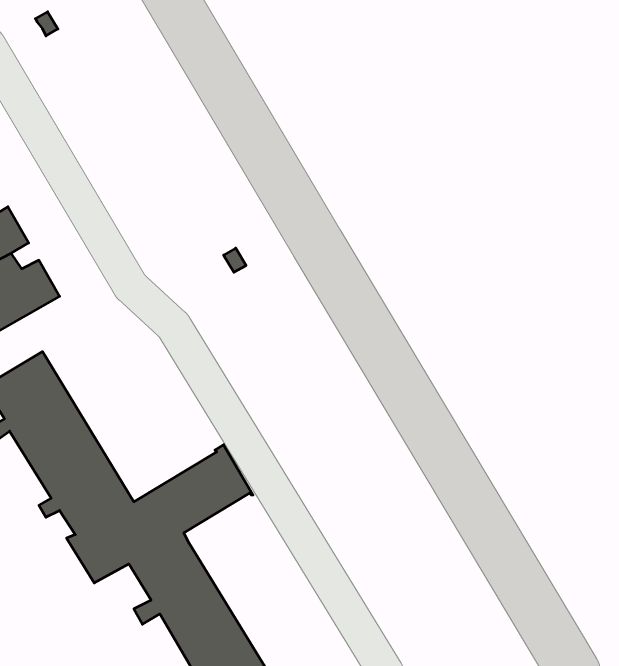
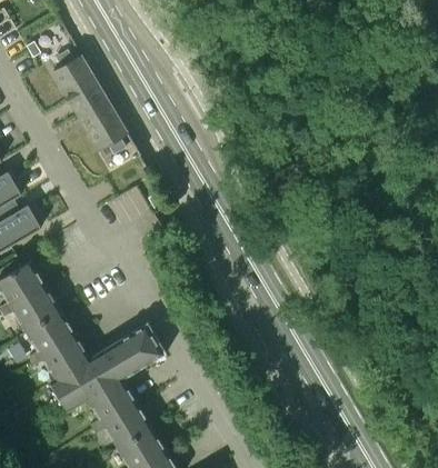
building: none -> [53,50,128,156]

